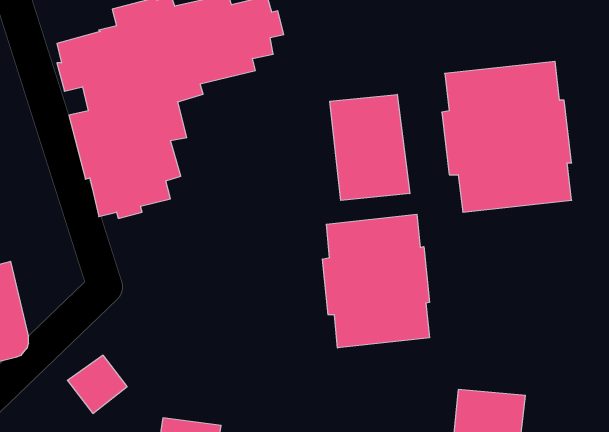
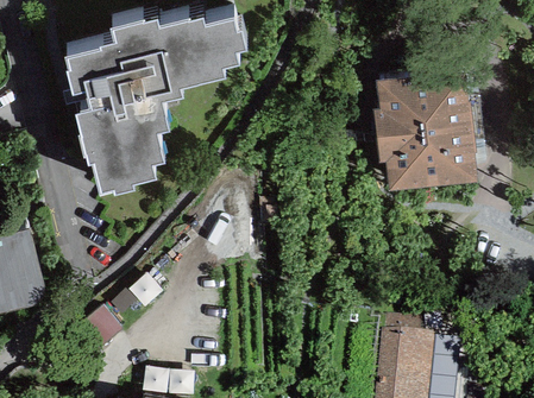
building: [330,94,410,200] -> none
building: [322,214,429,348] -> none

